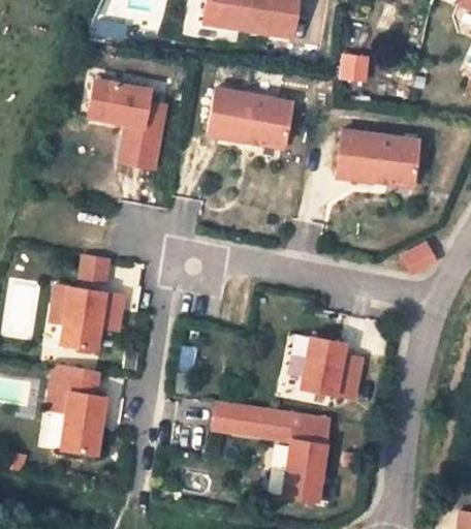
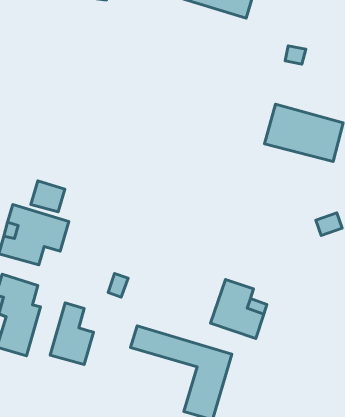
building: [89,81,167,168] -> none
building: [208,89,291,149] -> none
building: none -> [50,303,93,365]

